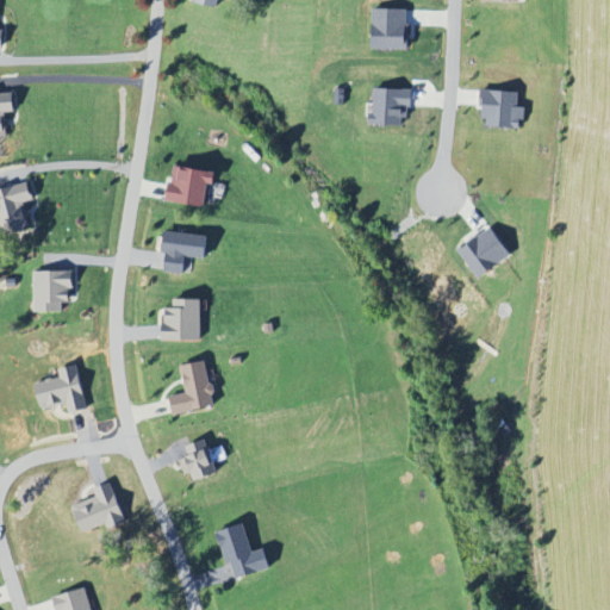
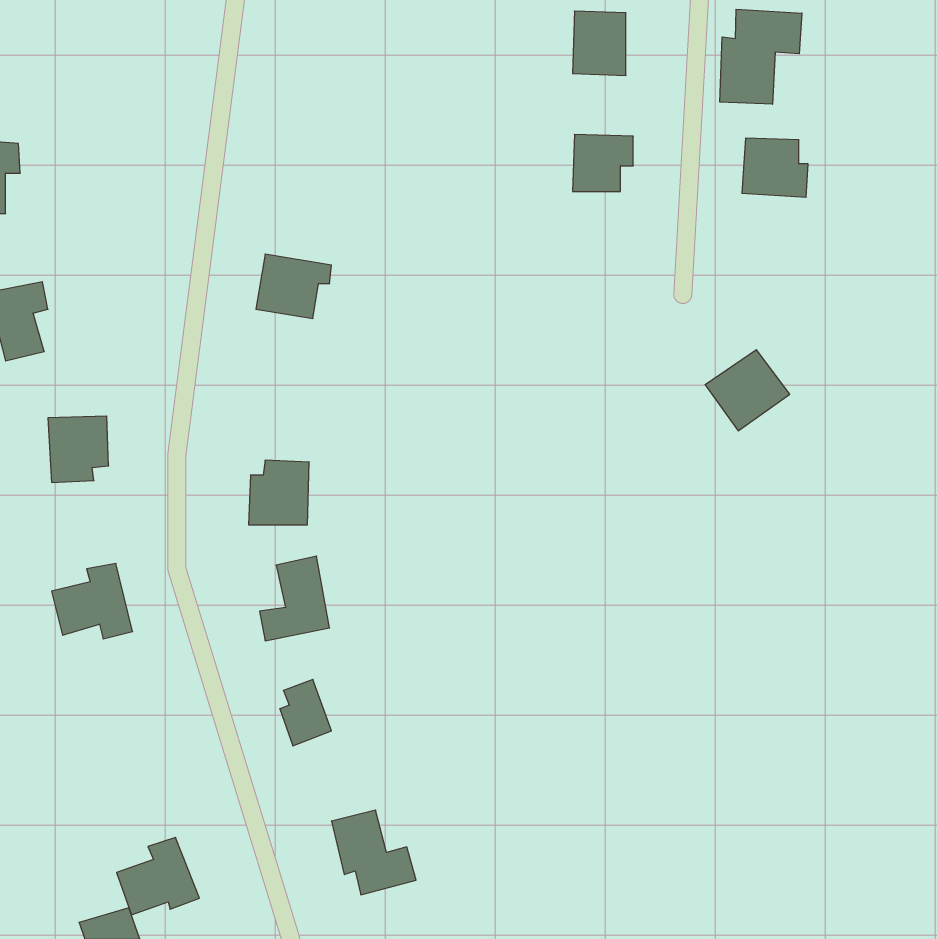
building: none -> [720,9,802,104]
building: [161,230,206,273] -> none
building: [71,483,125,533] -> [117,837,199,915]

